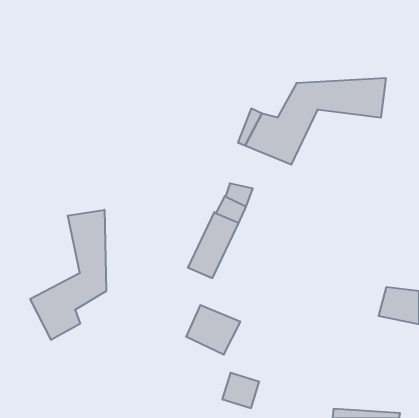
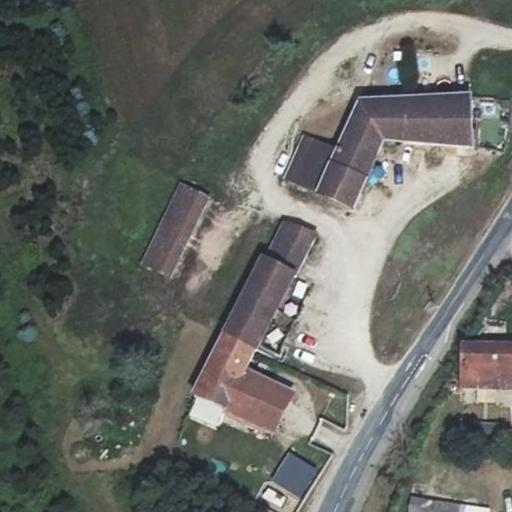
building: none -> [144,184,207,273]
building: [30,210,106,340] -> none
building: none -> [194,325,258,409]

